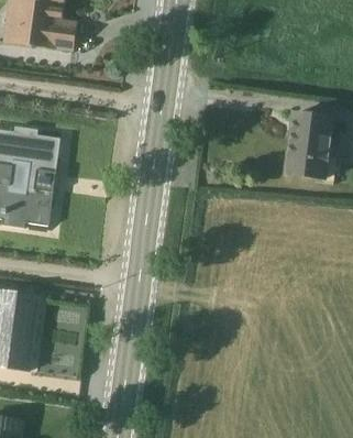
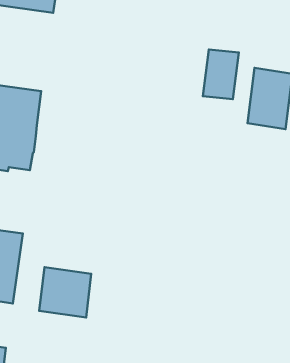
building: none -> [203,50,239,99]
building: none -> [39,267,91,318]

